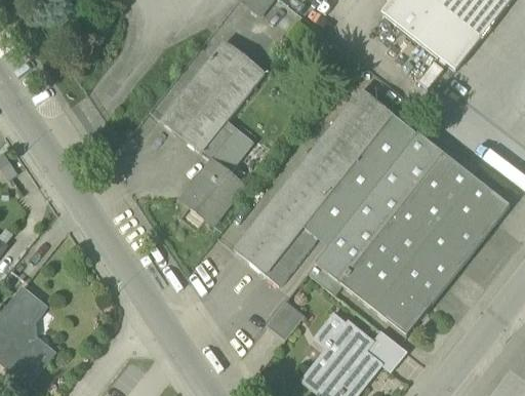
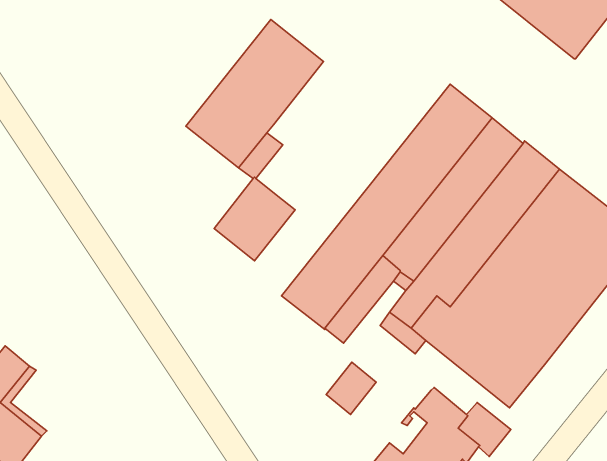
building: [213,119,254,172] -> none
building: [313,312,347,369] -> none

